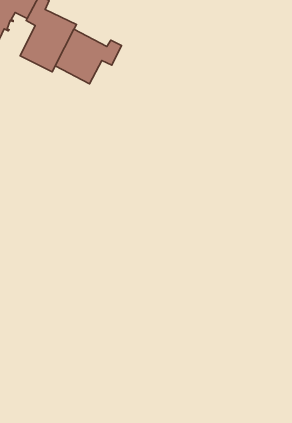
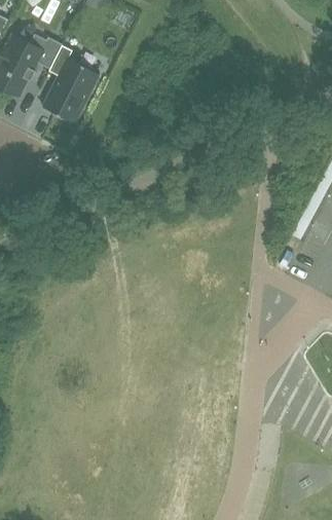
building: [55,29,122,84] -> none

